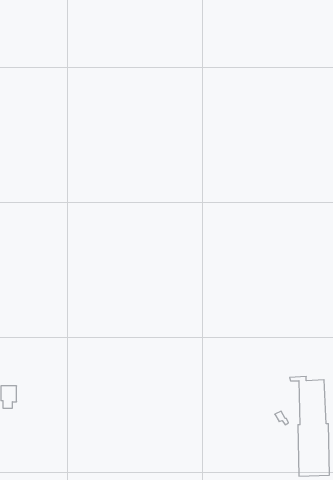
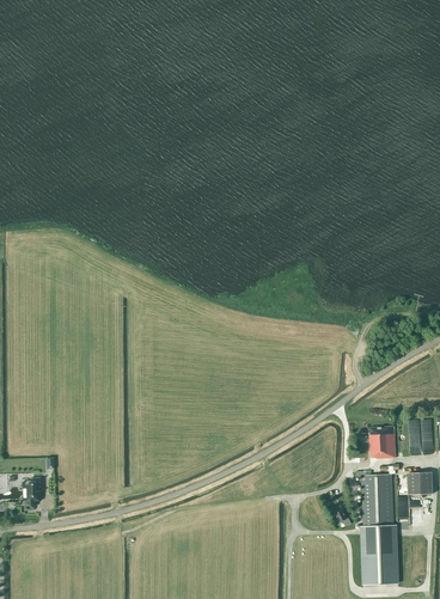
building: none -> [369,427,396,459]

